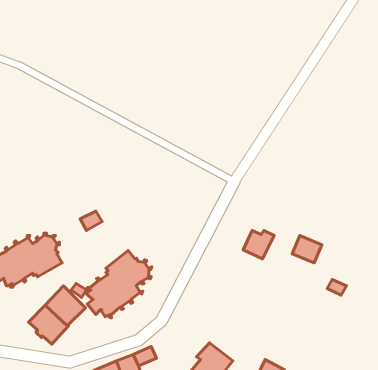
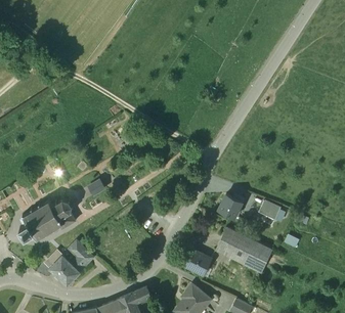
building: [87,251,152,318] -> none
building: none -> [215,227,272,272]
building: none -> [185,250,211,275]

